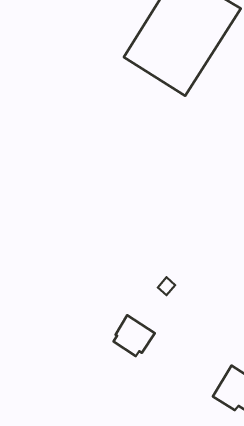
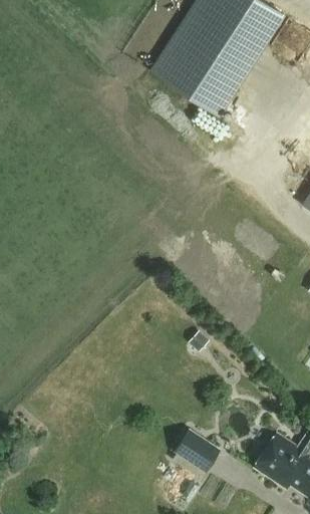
building: [114,315,155,356] -> [173,428,221,476]

